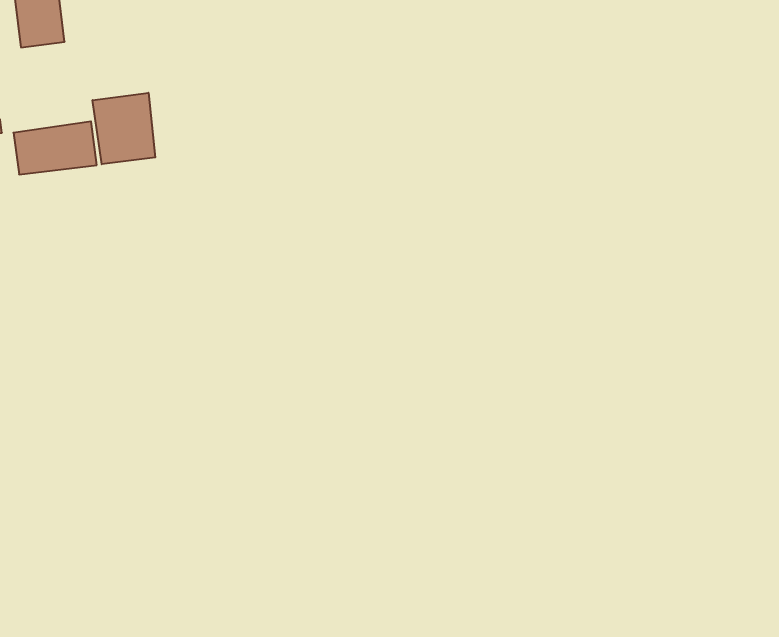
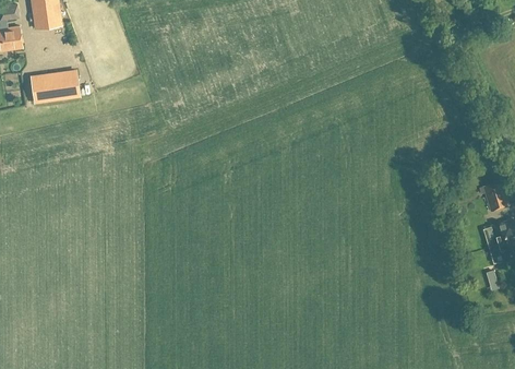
building: [93,93,155,164] -> none

